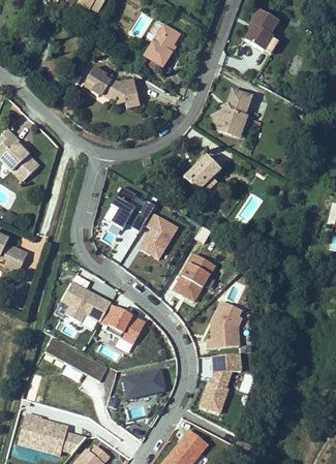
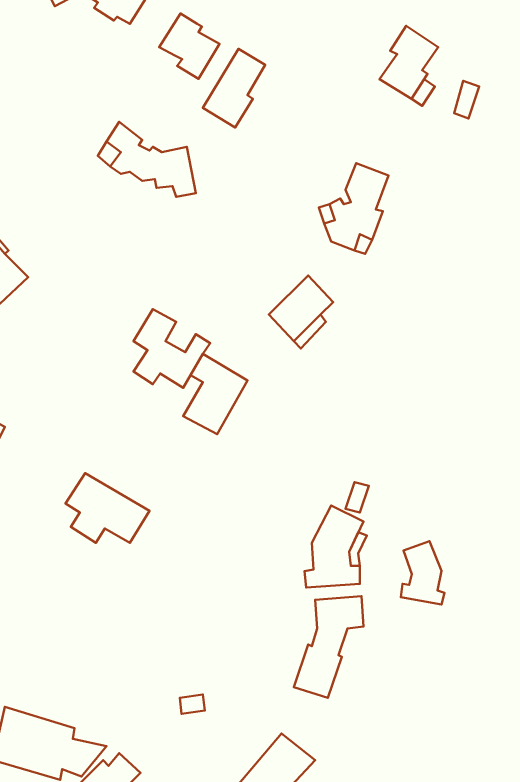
building: none -> [159,13,219,79]
building: [172,253,214,302] -> none
building: [99,299,145,340] -> none
building: none -> [401,541,444,605]
building: [44,335,108,379] -> none
building: [121,365,163,394] -> none

